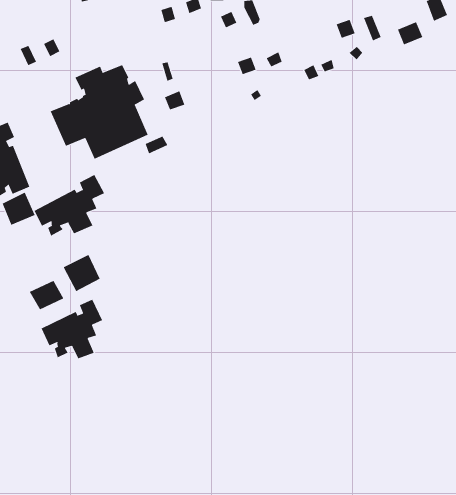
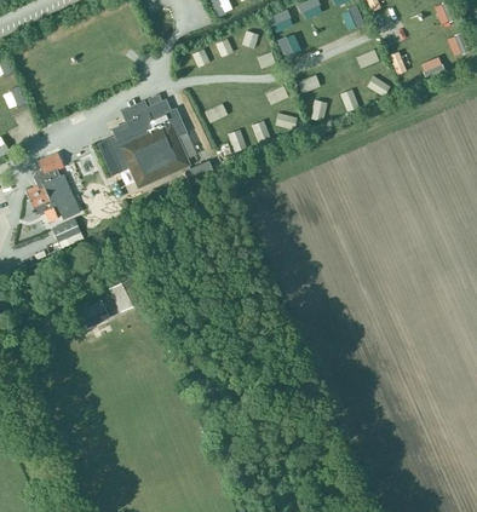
building: [34,174,105,236] -> none
building: [41,299,103,359] -> none

